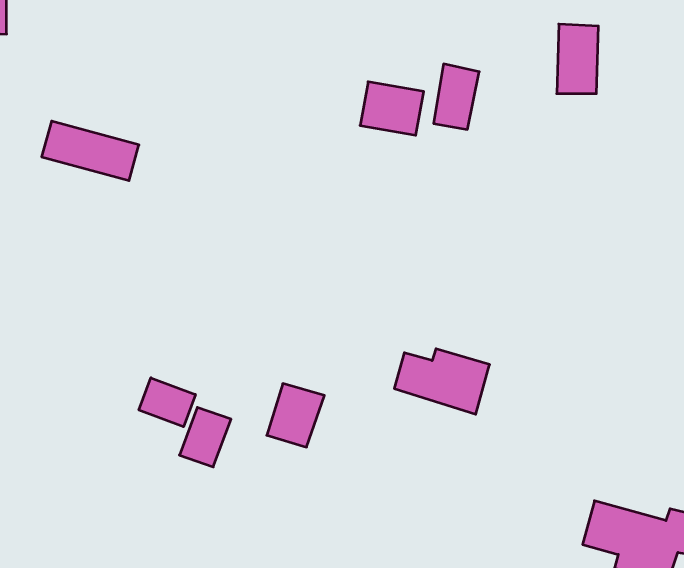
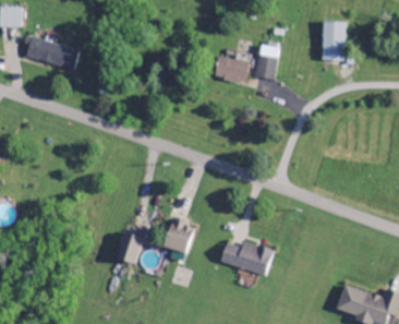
building: [42,121,139,181] -> [26,37,80,70]
building: [394,349,490,414] -> [221,241,274,277]
building: [139,378,195,427] -> none

